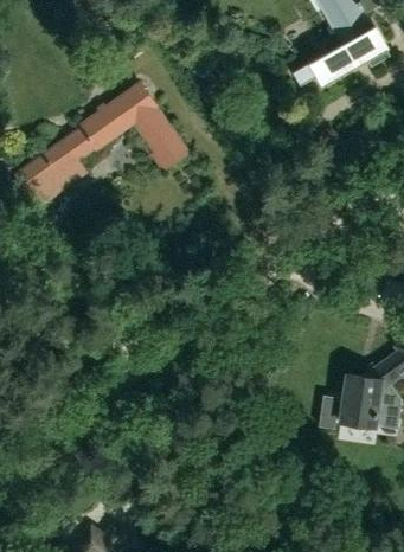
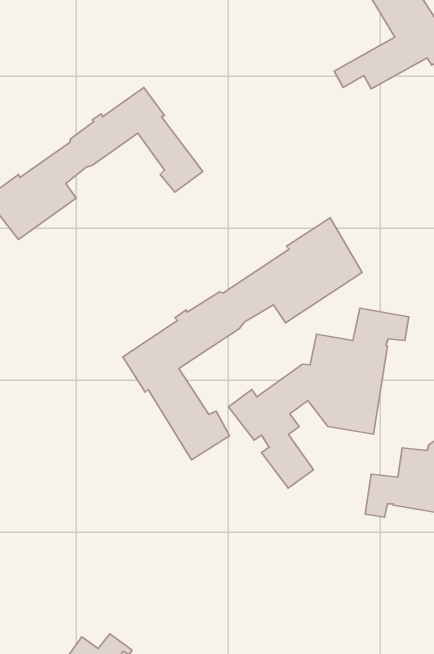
building: none -> [123,218,362,460]
building: none -> [229,308,409,488]

